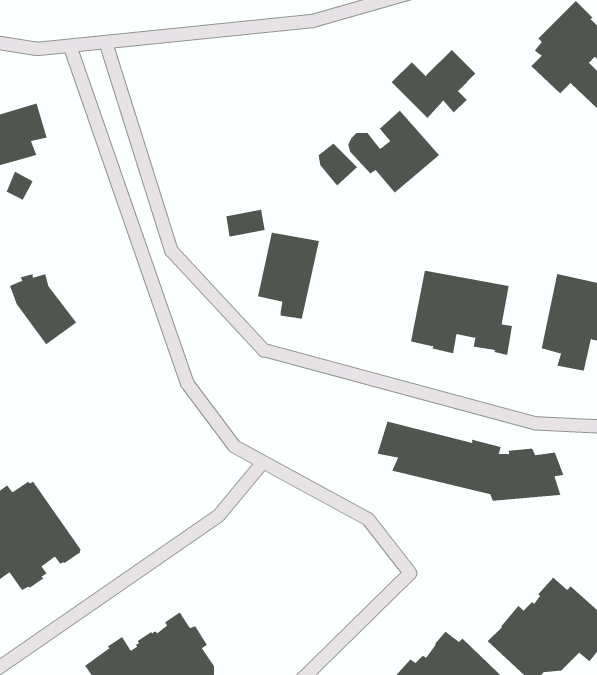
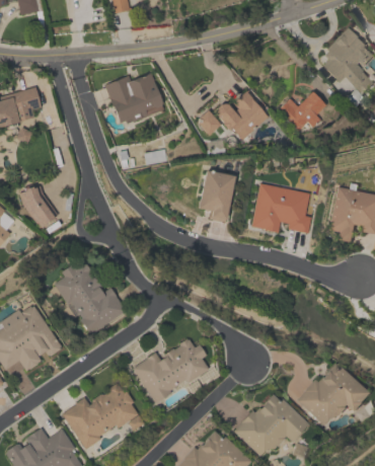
building: [391,49,476,119] -> [277,91,326,132]
building: none -> [104,73,164,124]
building: [257,232,320,319] -> [198,171,234,222]
building: none -> [55,260,128,336]
building: [377,421,564,502] -> none
building: none -> [132,339,210,404]

